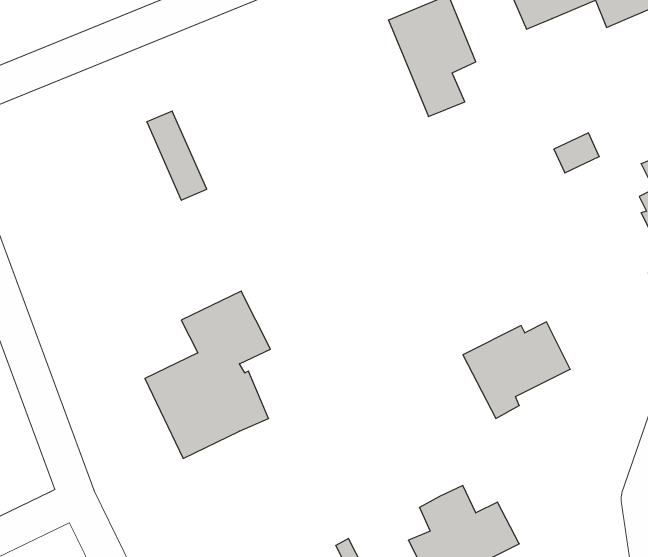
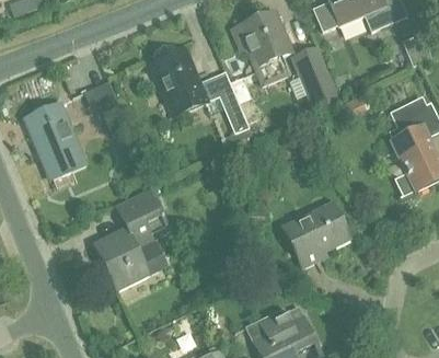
building: none -> [292,47,338,109]
building: none -> [151,49,250,134]
building: none -> [24,101,86,177]

